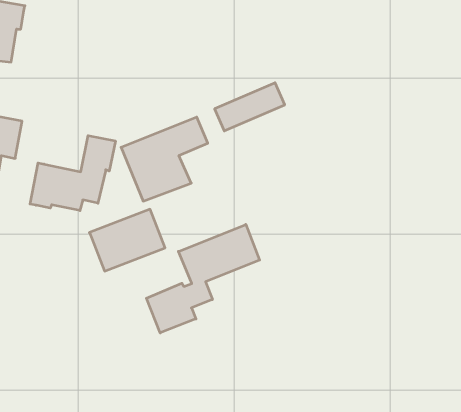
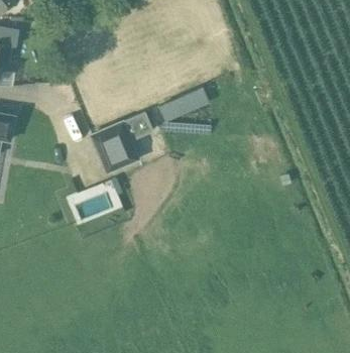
building: [30,136,115,211] -> none
building: [146,224,260,333] -> none

